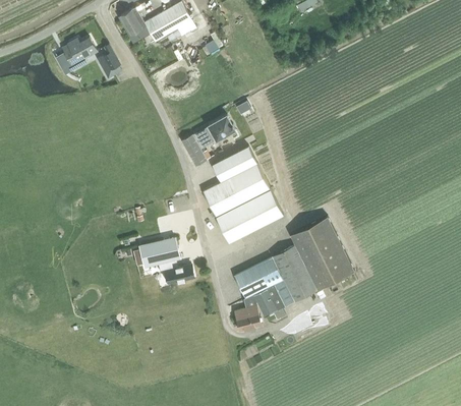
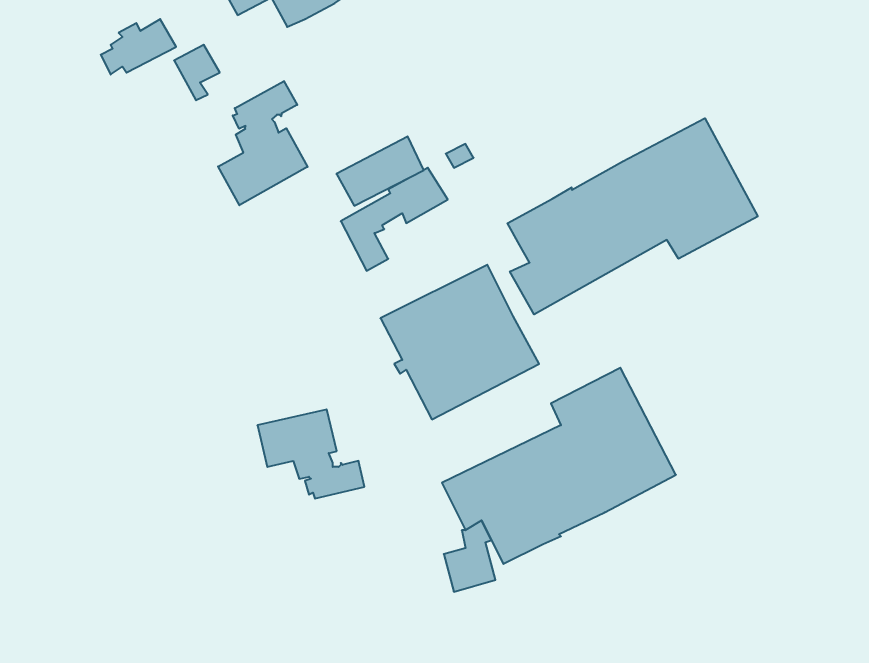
building: none -> [218,81,308,205]
building: none -> [507,118,758,314]
building: [212,146,256,181] -> [336,136,424,206]

